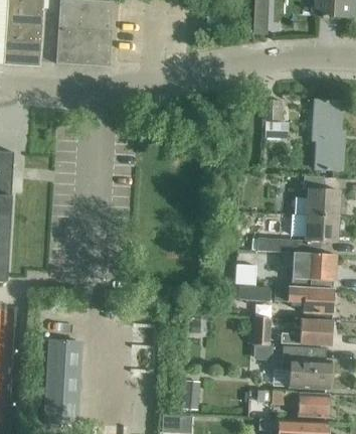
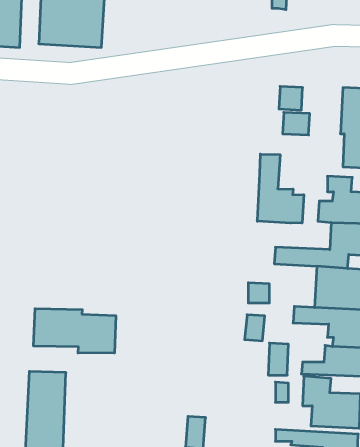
building: none -> [257,154,304,223]
building: none -> [34,309,116,353]

